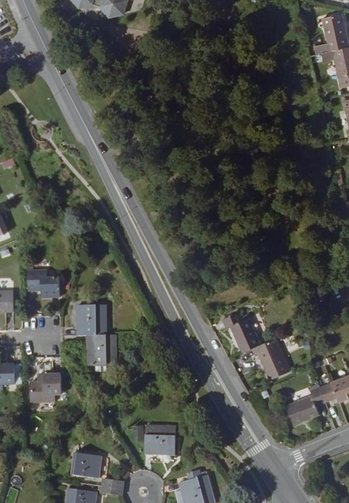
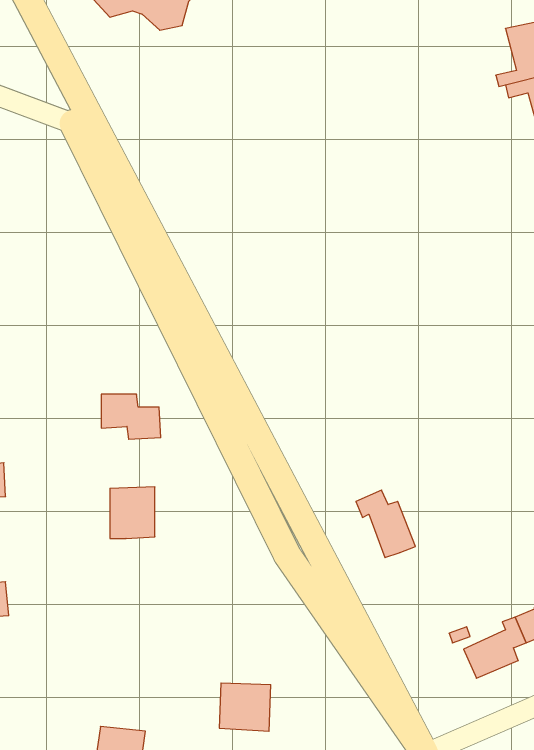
building: [25,270,62,298] -> [101,394,161,439]
building: [85,335,113,366] -> none
building: [255,335,293,377] -> none
building: [27,375,58,403] -> none

